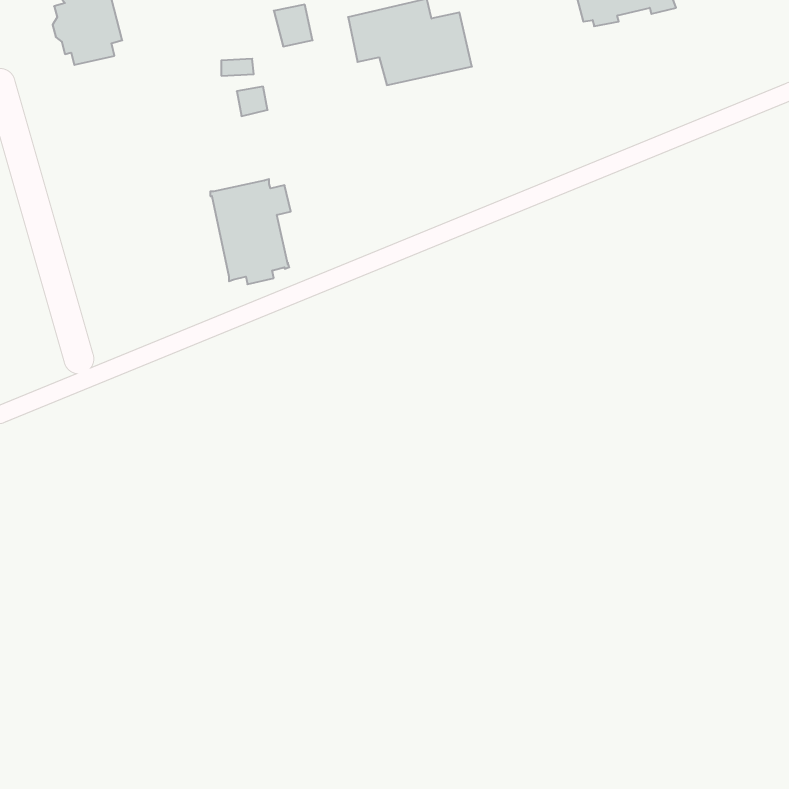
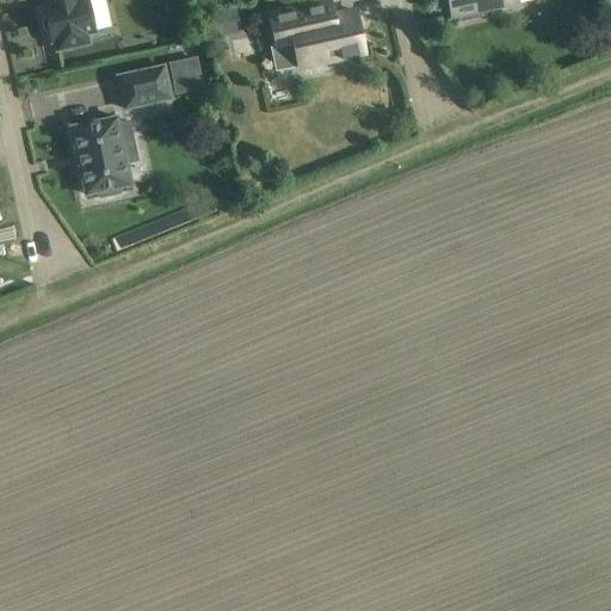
building: none -> [118,66,172,107]
building: [210,179,291,284] -> [72,116,134,197]

